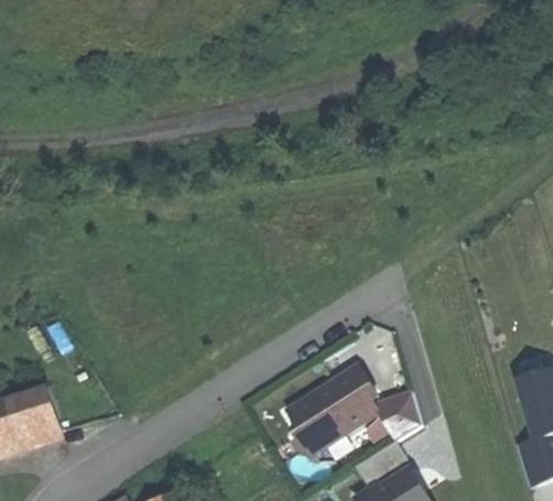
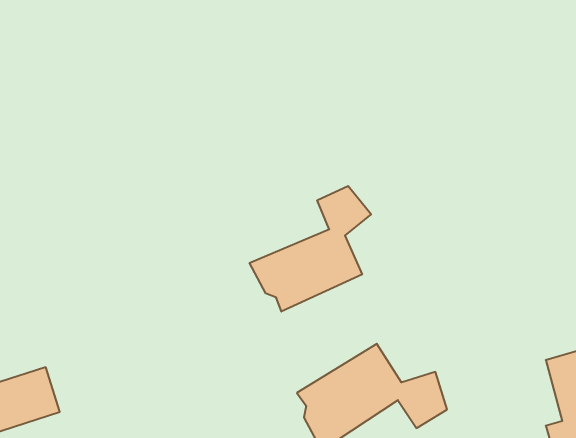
building: none -> [250,186,371,312]

